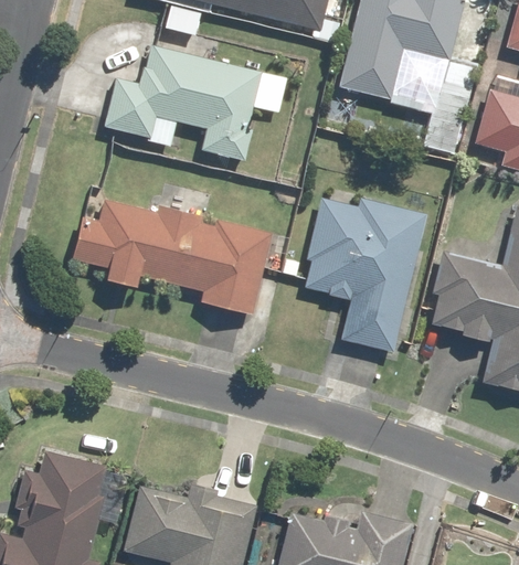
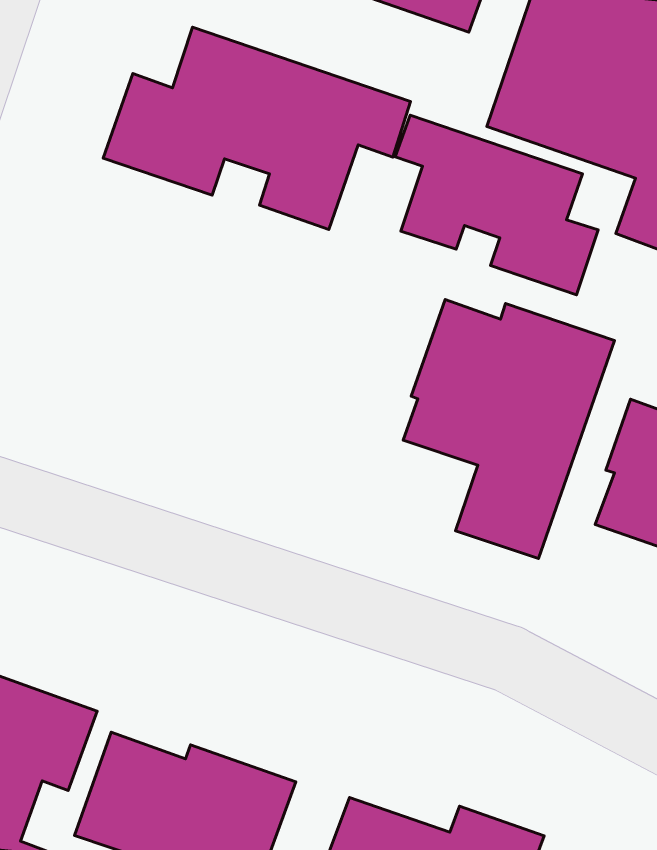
building: none -> [395,115,598,295]
building: [72,196,274,316] -> none

